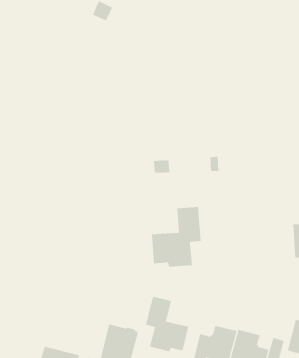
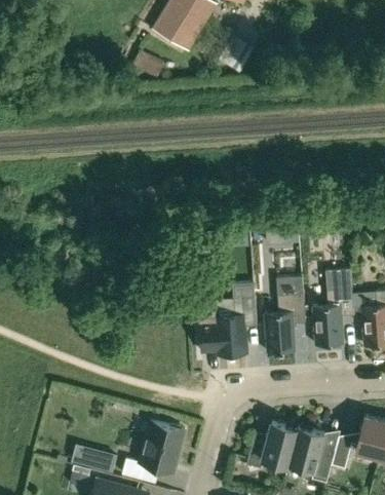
building: none -> [313,269,354,348]
building: none -> [265,277,306,352]
building: [146,296,189,352] -> none

